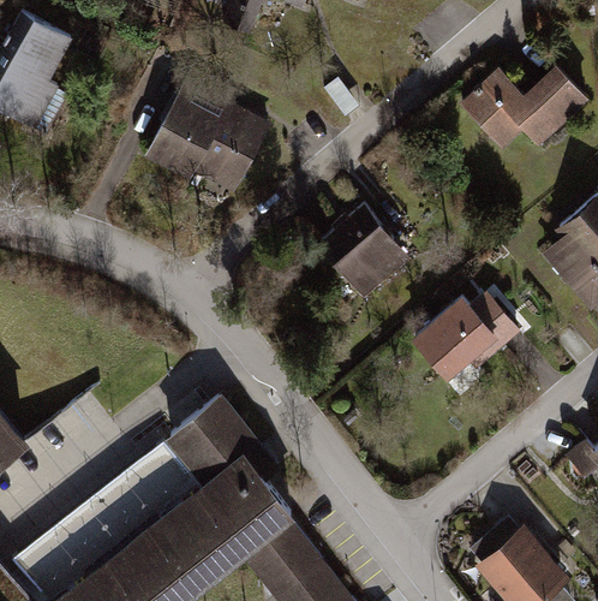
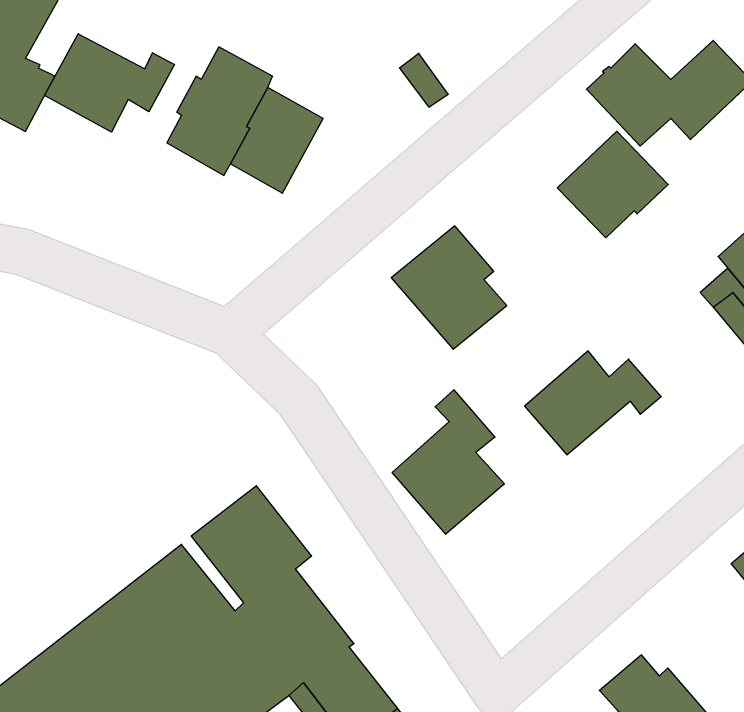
building: none -> [45,34,175,132]
building: none -> [557,131,668,238]
building: none -> [392,390,504,534]

